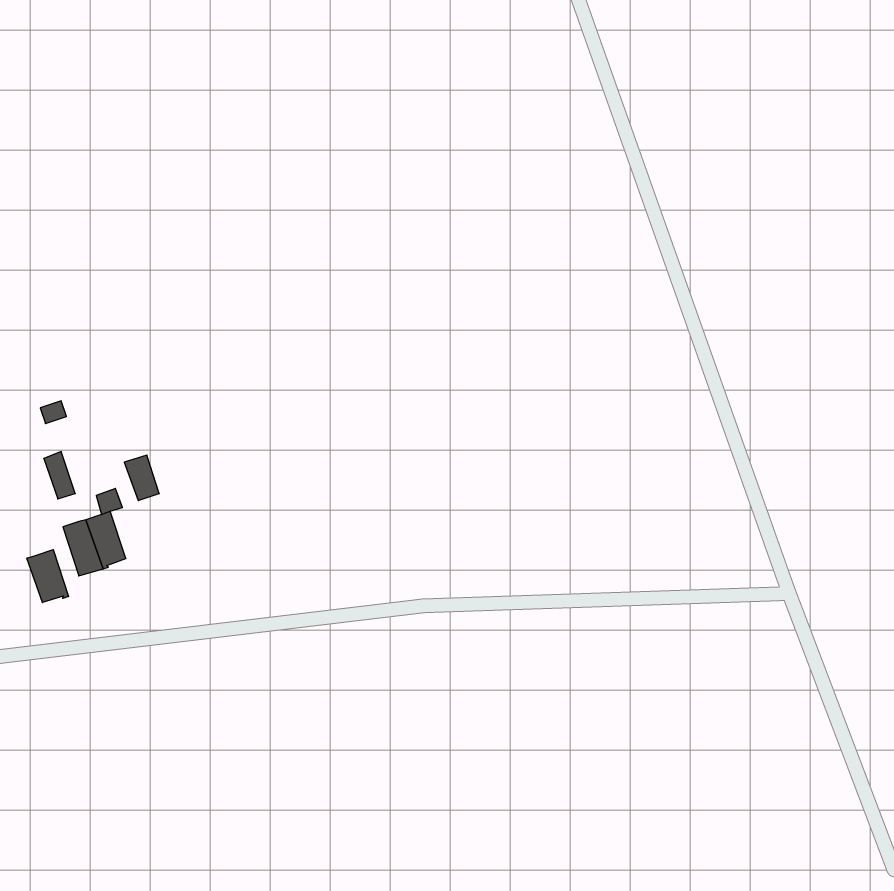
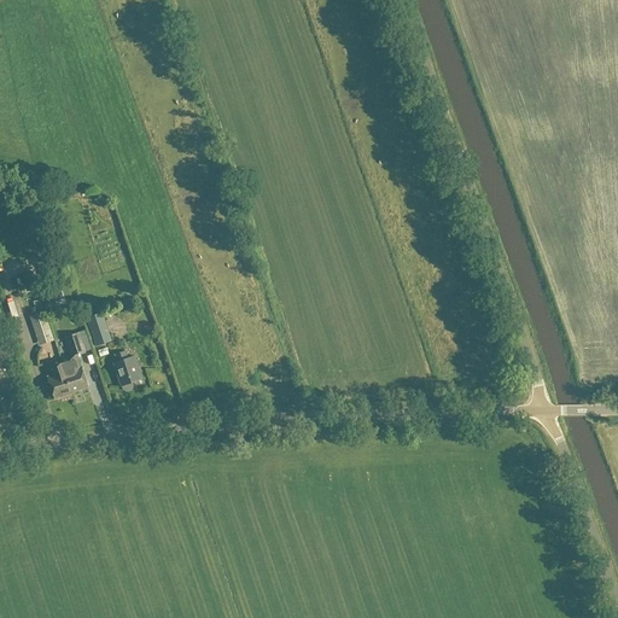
building: none -> [113,349,140,390]
building: [27,550,68,603] -> none

